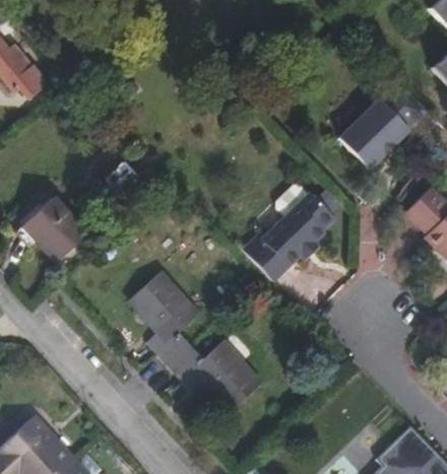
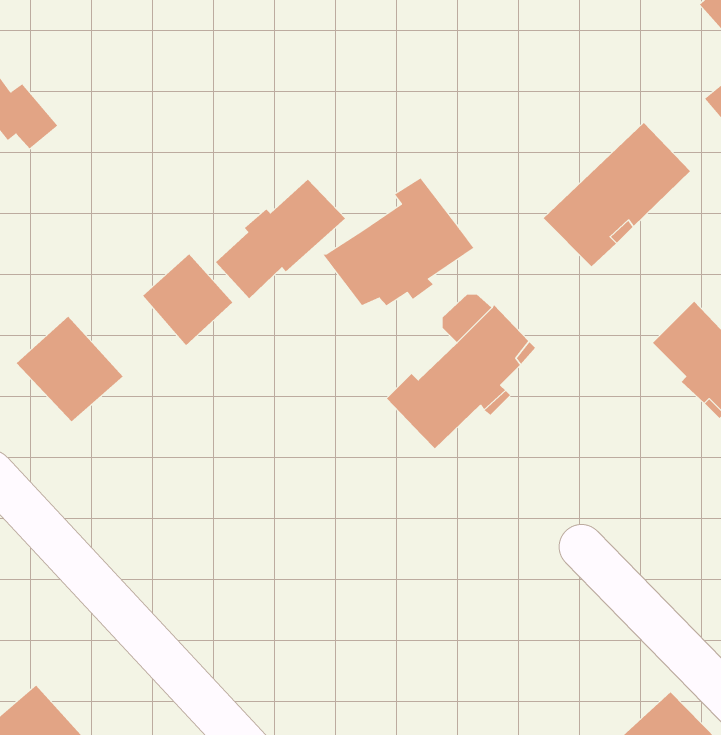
building: none -> [323,177,474,306]
building: none -> [215,179,346,299]
building: [131,270,264,408] -> none

